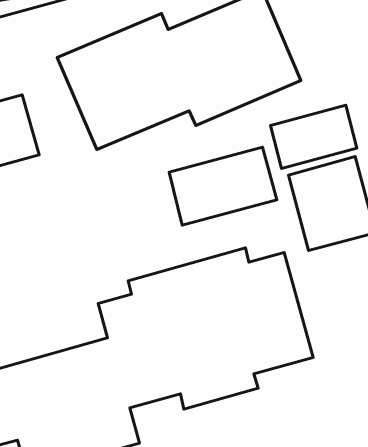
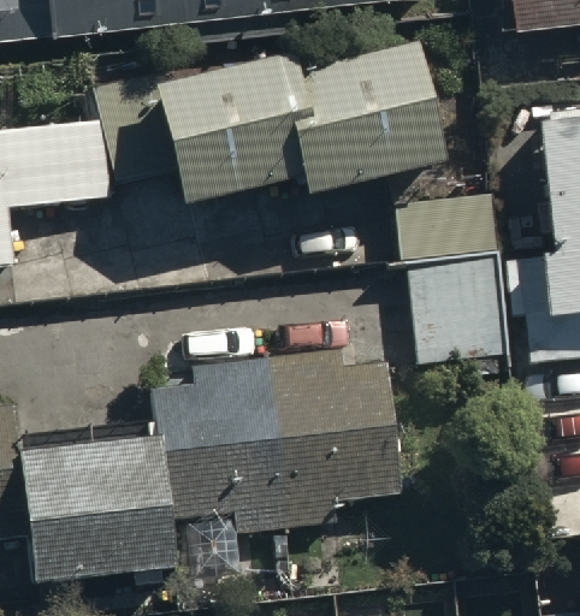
building: [169,147,277,225] -> none

